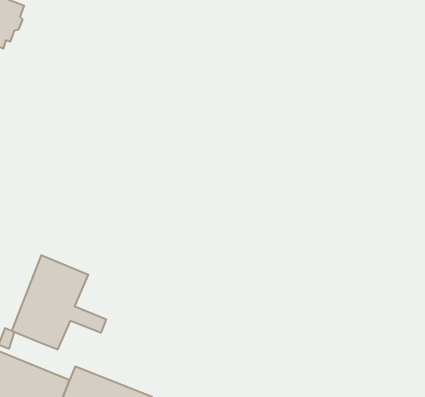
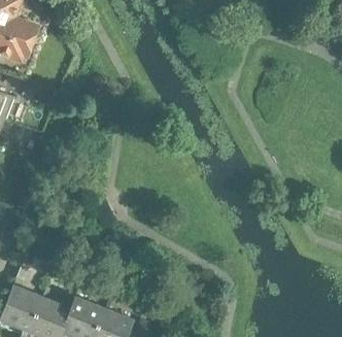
building: [12,255,106,350] -> none

